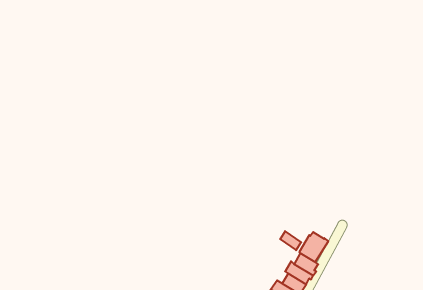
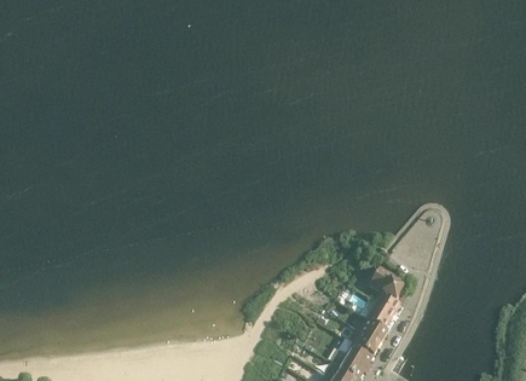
building: none -> [372,266,407,300]

